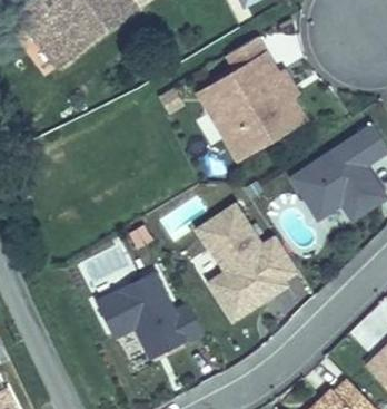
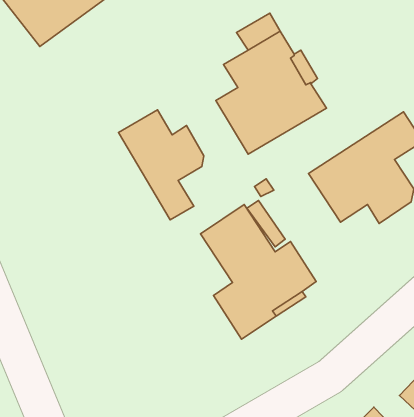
building: none -> [118,110,204,220]
building: [96,271,202,358] -> none

